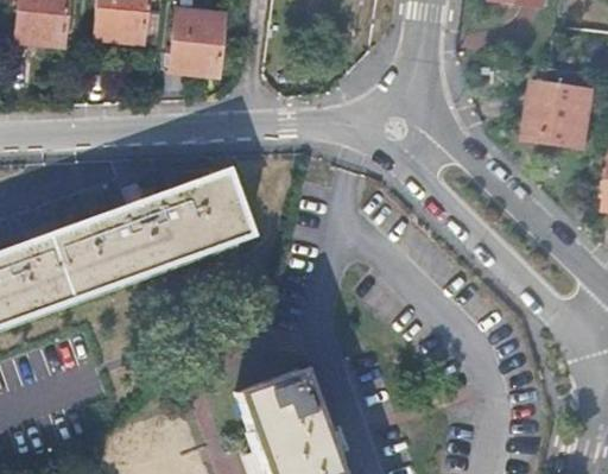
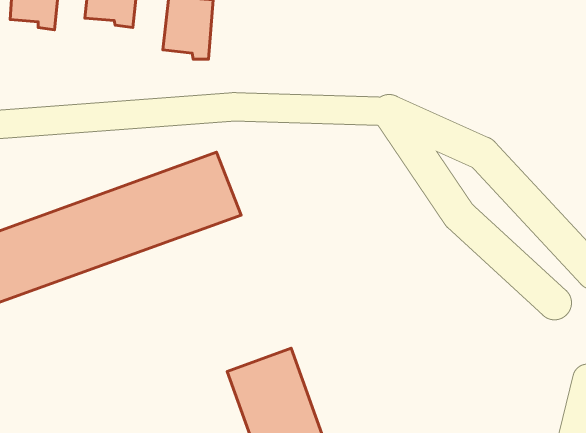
building: [532,81,591,148] -> none

